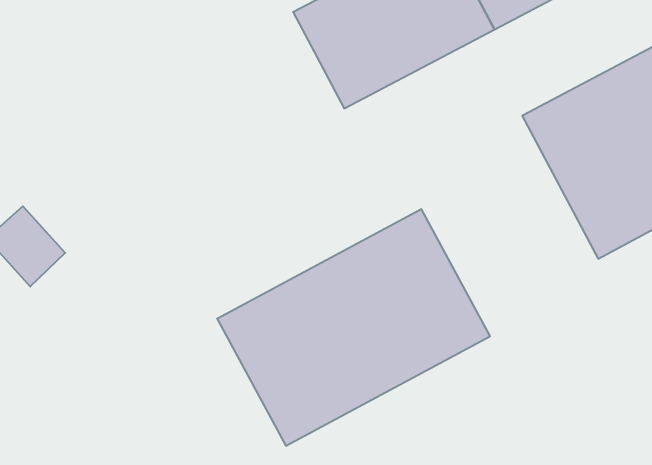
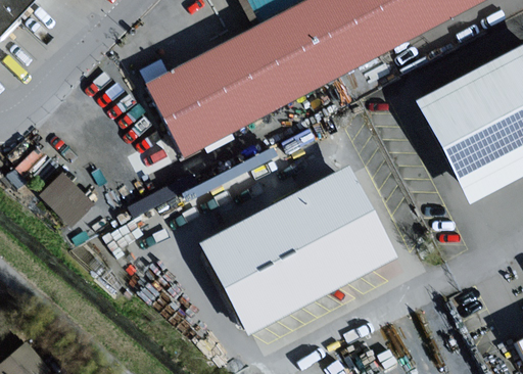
building: none -> [150,30,290,152]

